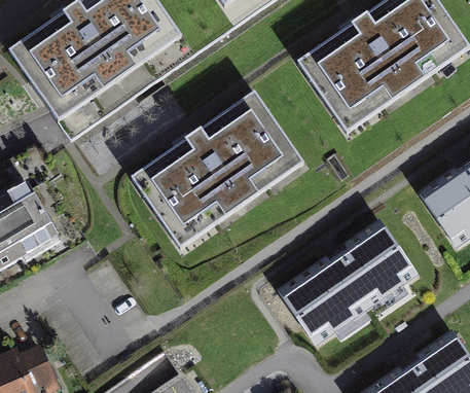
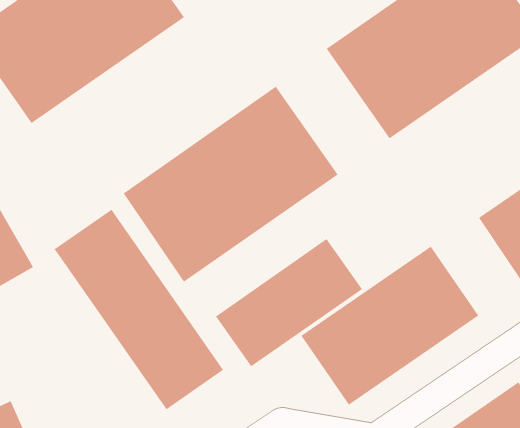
building: none -> [54,209,224,410]
building: none -> [215,238,363,367]

